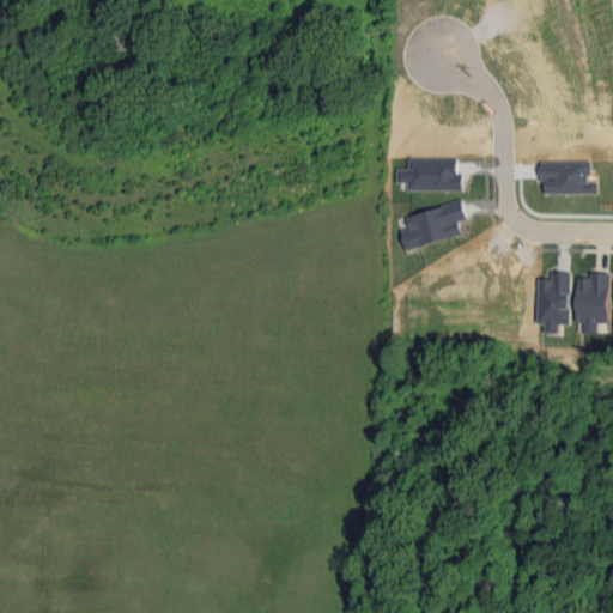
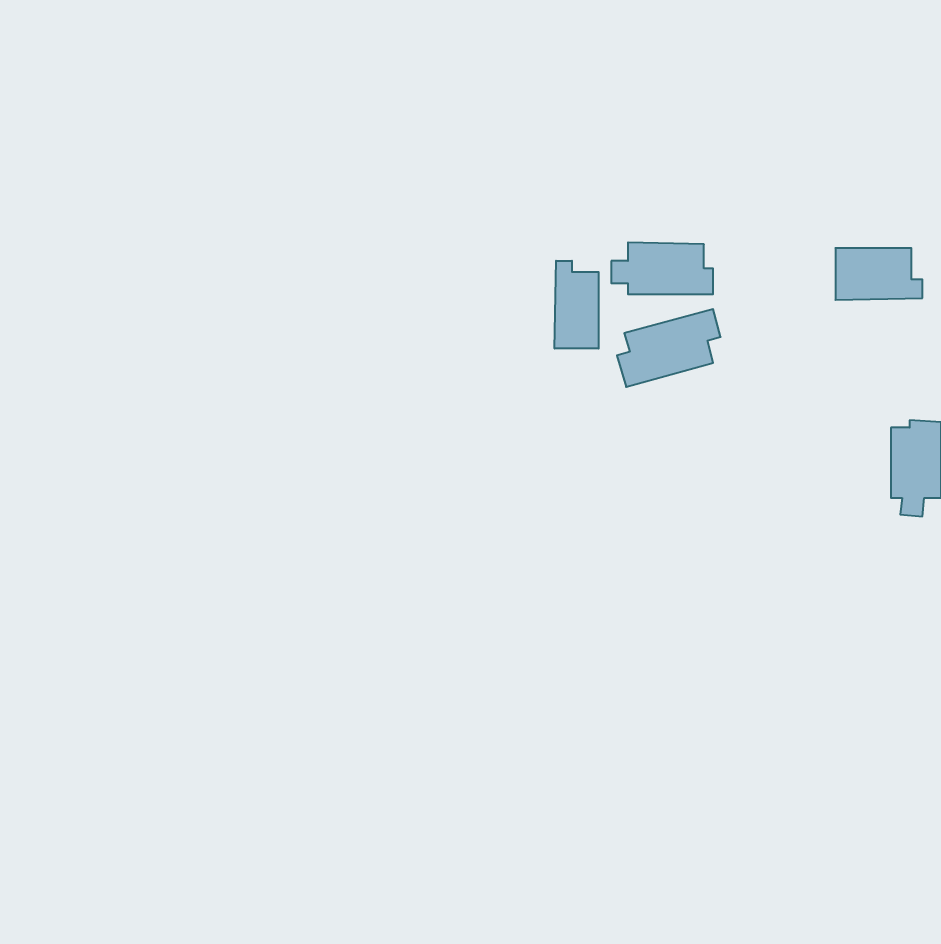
building: none -> [555,261,599,349]
building: [536,273,570,335] -> none

